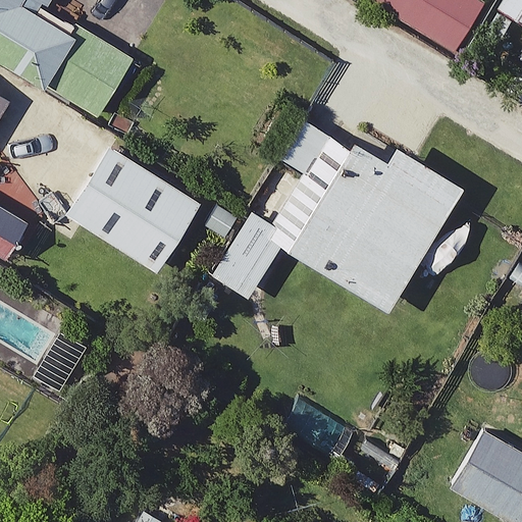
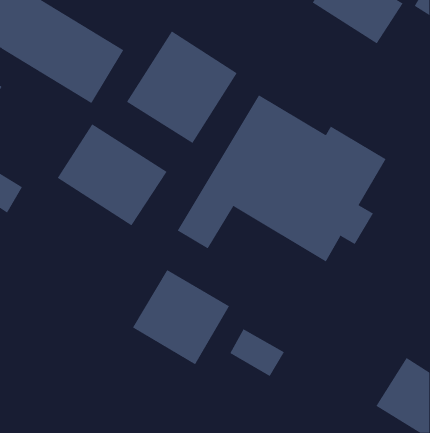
building: none -> [126,31,238,144]
building: none -> [132,269,230,365]

